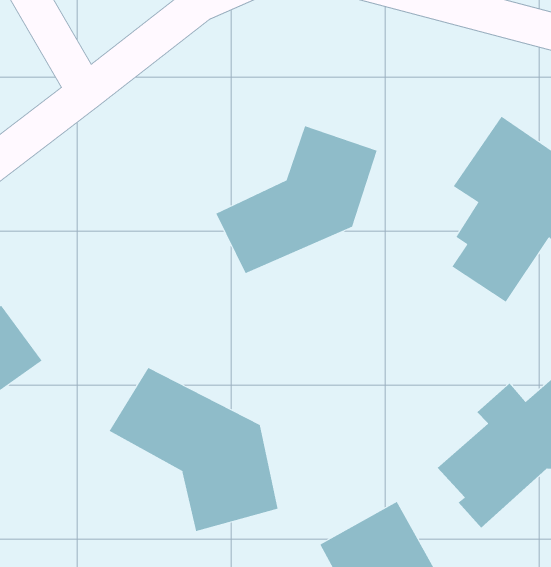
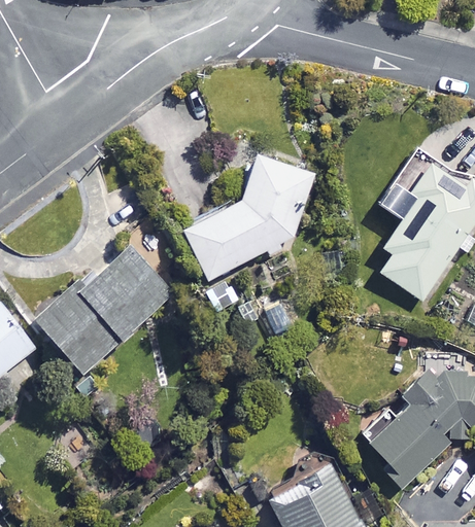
building: none -> [37,243,172,373]
building: [109,367,278,532] -> none

